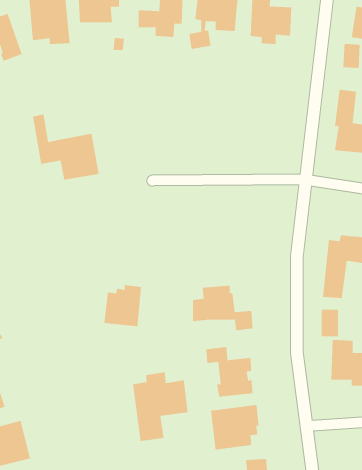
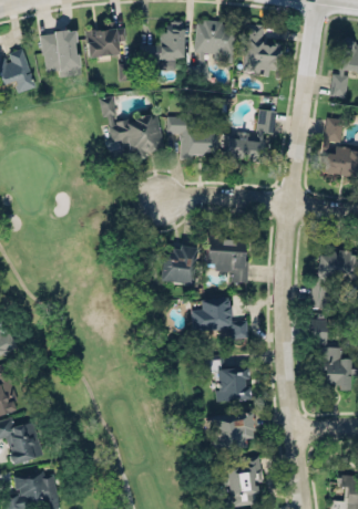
building: none -> [224,110,276,162]
building: none -> [166,116,214,158]
building: [32,114,99,180] -> [102,96,164,157]
building: none -> [201,233,247,281]
building: [103,285,142,327] -> [161,246,196,284]
building: [133,371,188,442] -> none

